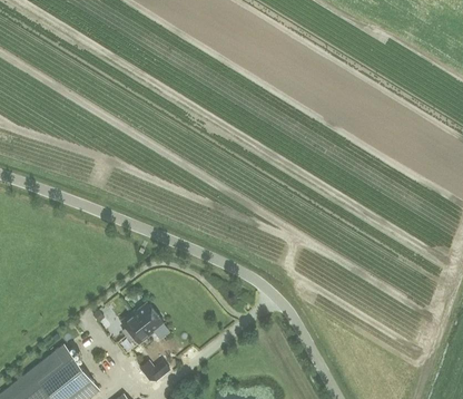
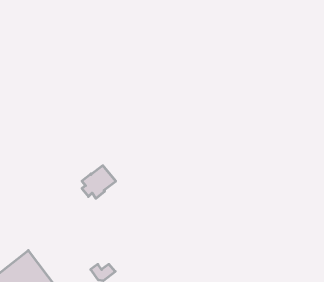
building: [120,303,161,343] -> [82,166,116,198]

